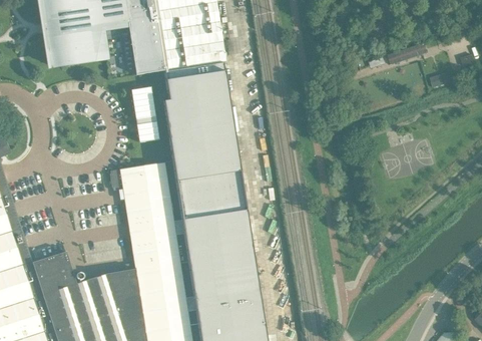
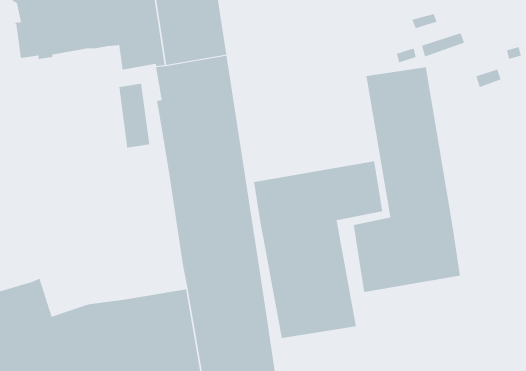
building: none -> [353,66,460,293]
building: none -> [254,161,383,339]
building: [108,160,189,269] -> none

